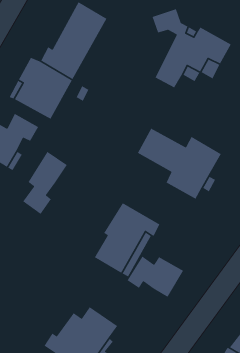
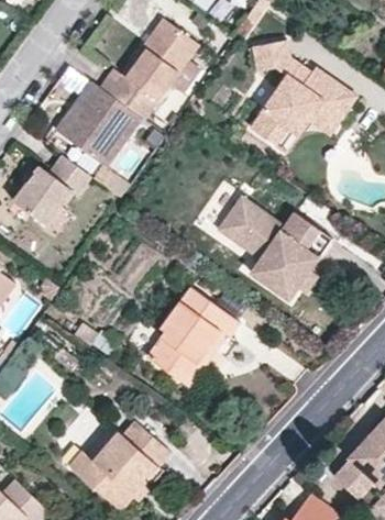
building: [22,151,68,215] -> none
building: [127,256,184,298] -> none

